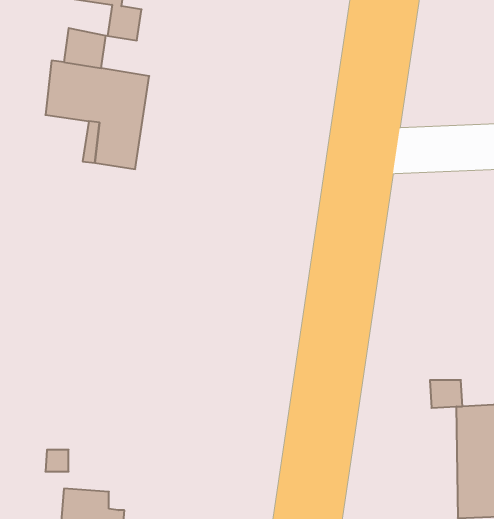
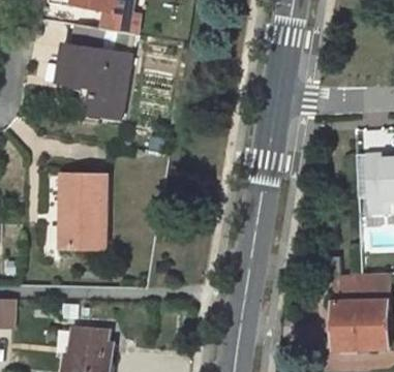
building: none -> [59,176,104,248]

